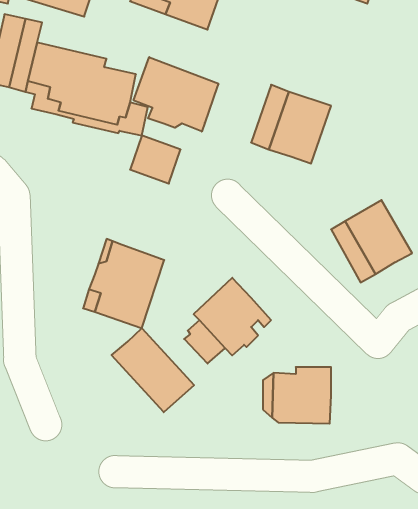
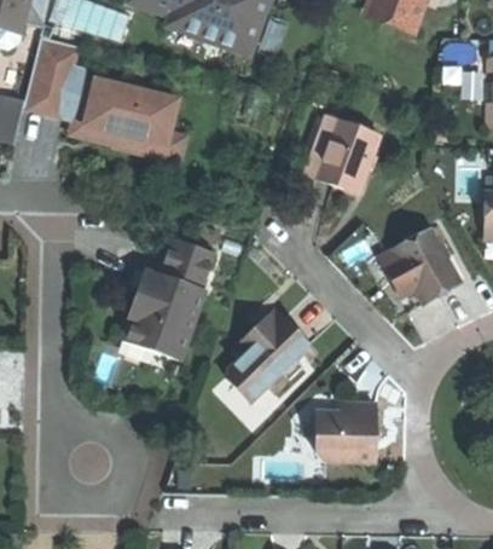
building: [134,57,218,132] -> none
building: [130,135,181,184] -> [161,239,213,289]
building: [112,328,194,412] -> none

